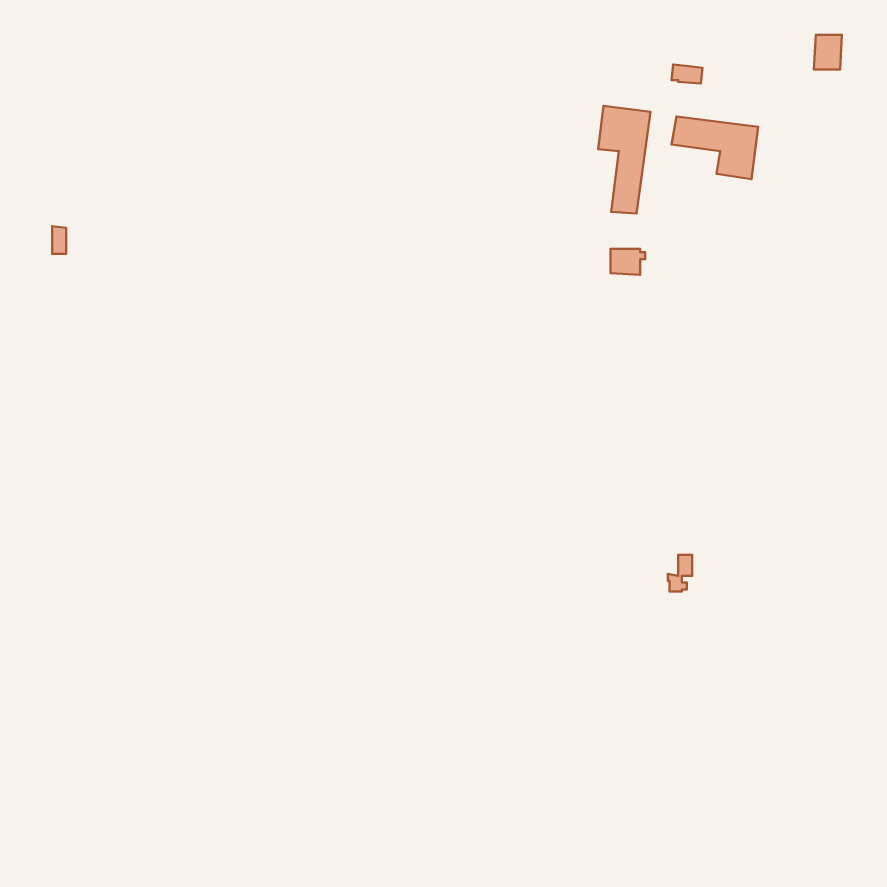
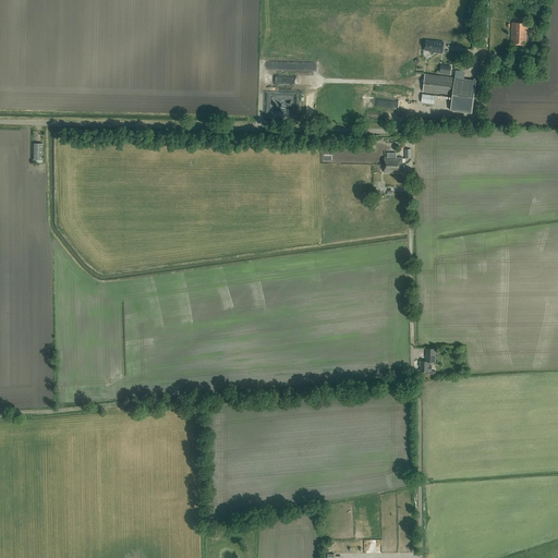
building: [598,106,651,213] -> none

